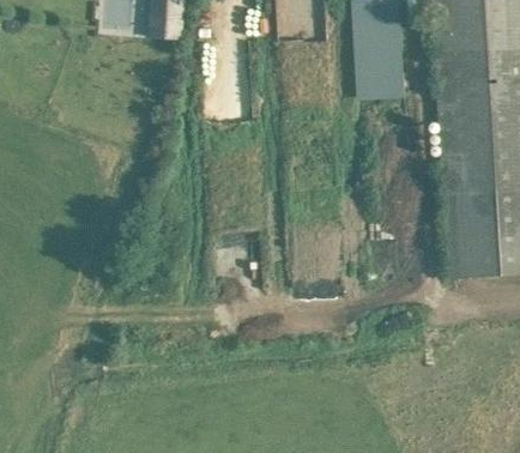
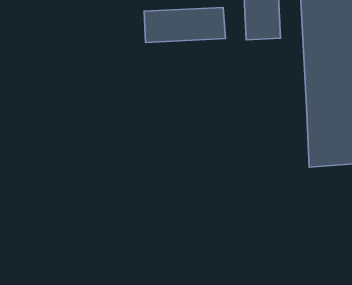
building: none -> [144,8,226,42]

